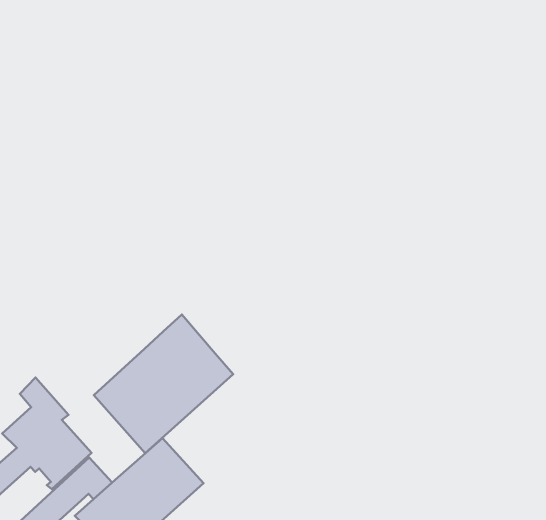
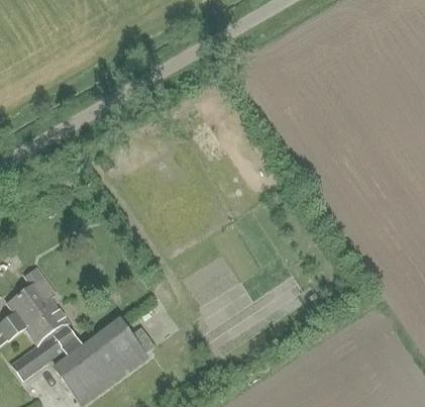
building: [94,315,233,453] -> none

